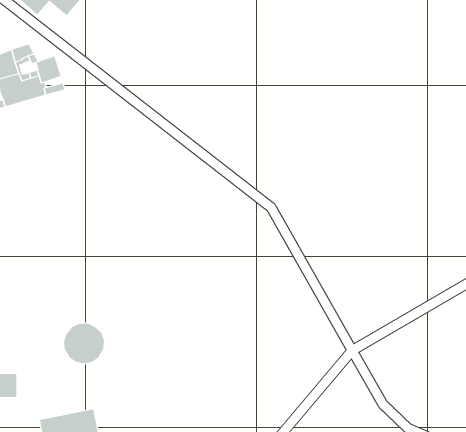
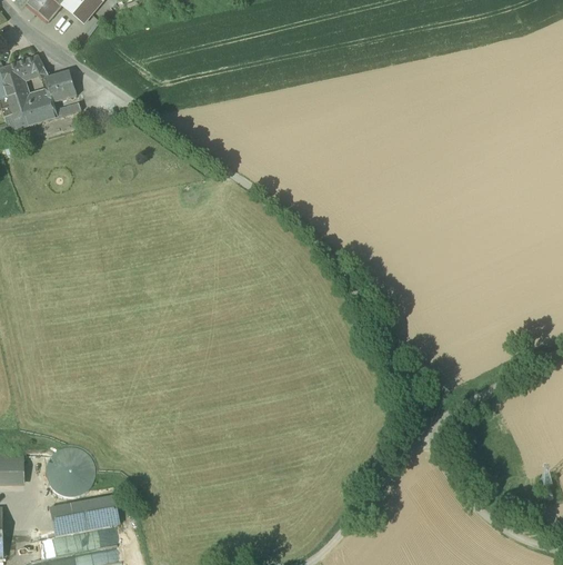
building: [63,323,105,364] -> [46,448,95,497]

